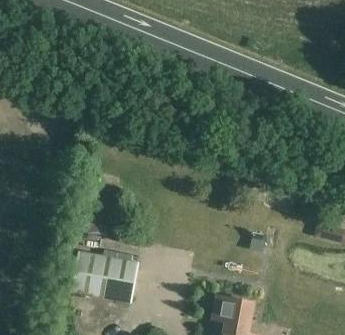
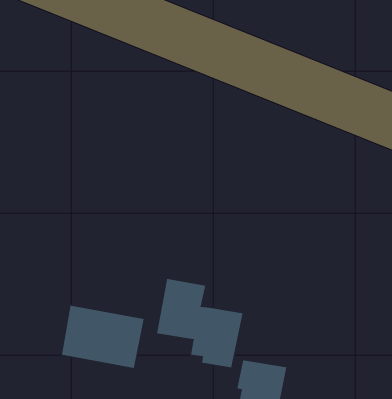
building: none -> [157,278,243,368]

